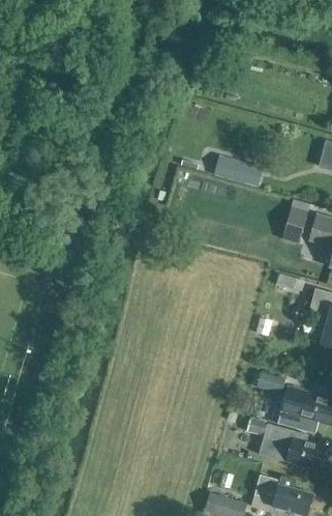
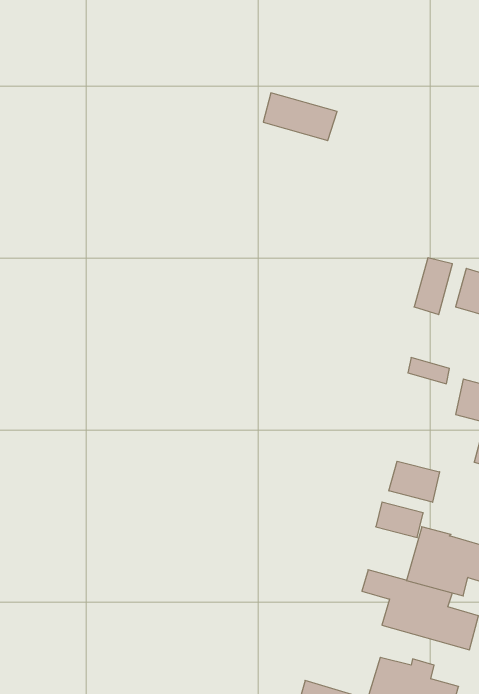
building: [213,154,263,187] -> [263,93,337,141]
building: none -> [389,461,440,502]

